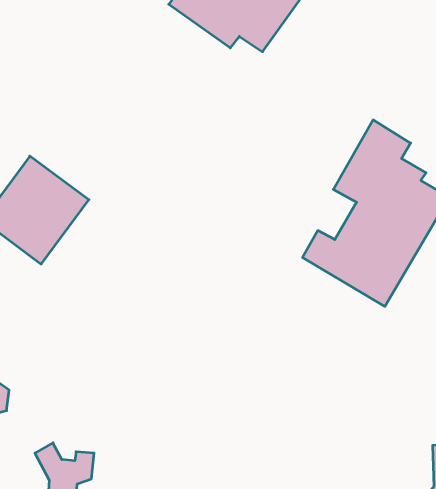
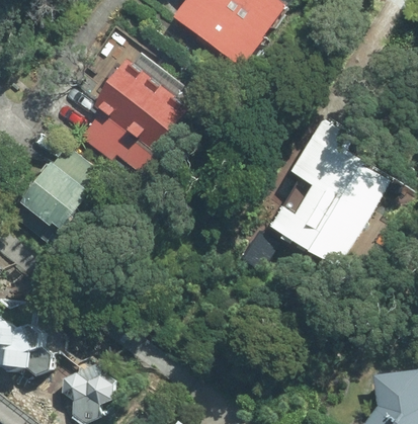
building: none -> [77,53,192,184]

